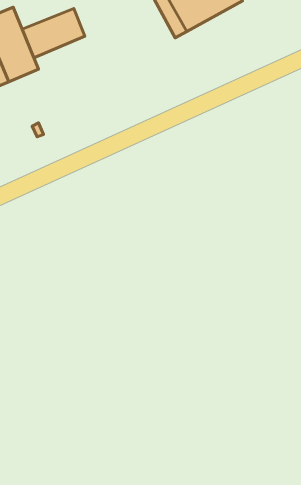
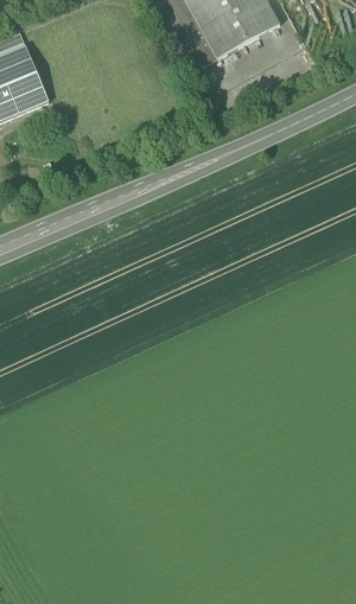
building: [22,8,85,58] -> none

